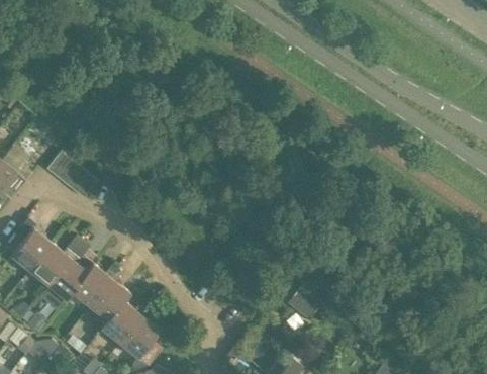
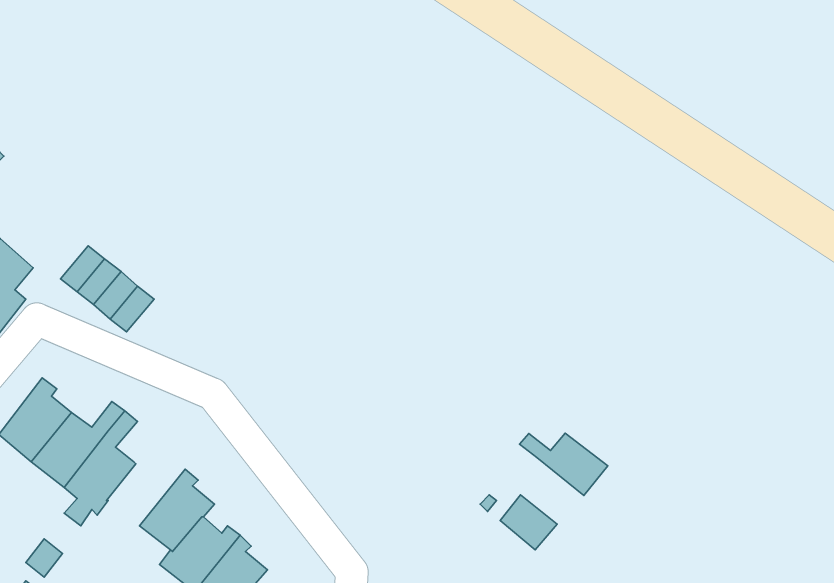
building: none -> [520,433,608,496]
building: [71,263,114,305] -> none

